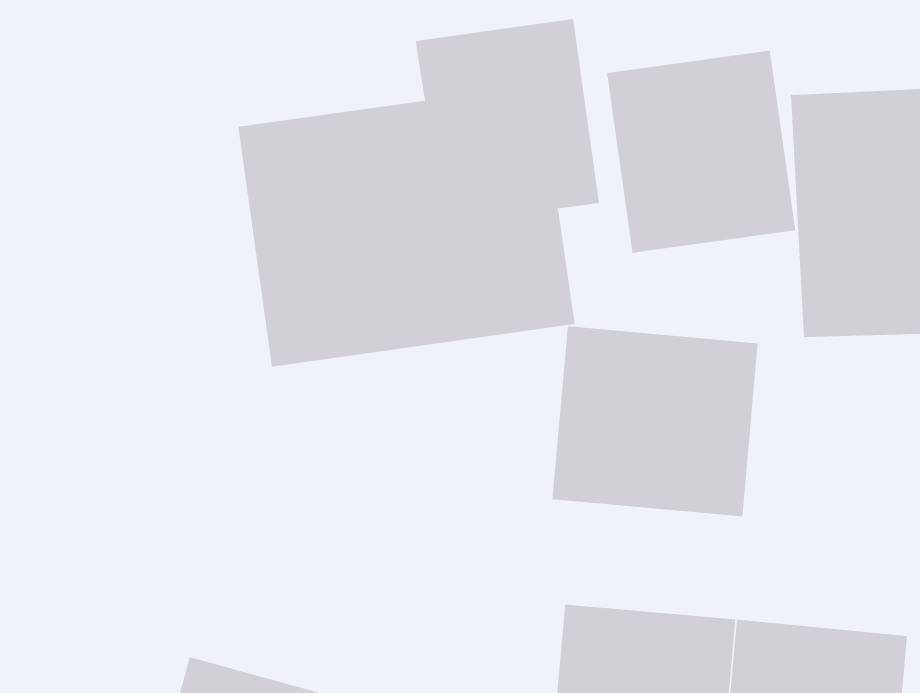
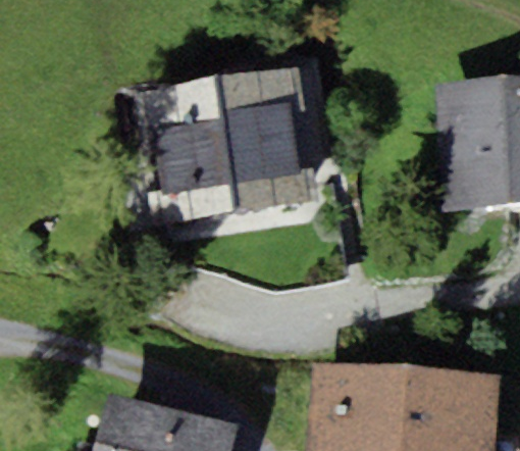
building: [607,50,796,253] -> none
building: [552,325,758,517] -> none

